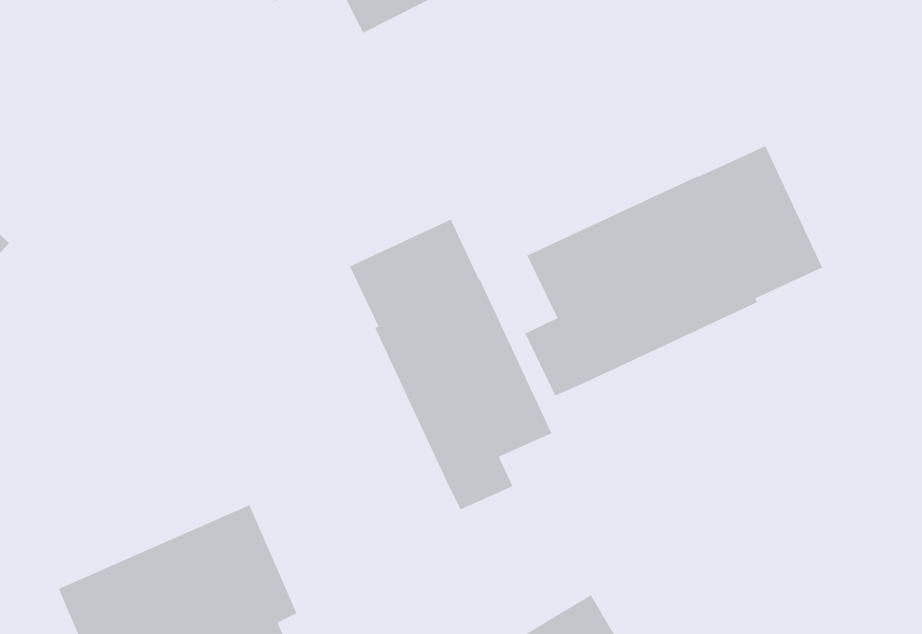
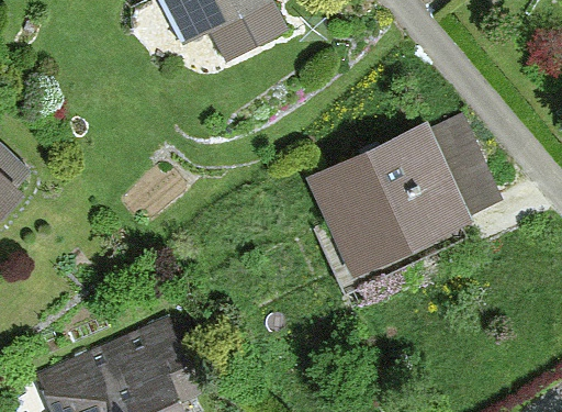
building: [349,219,553,510] -> none

